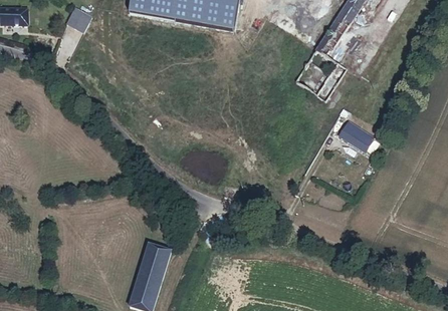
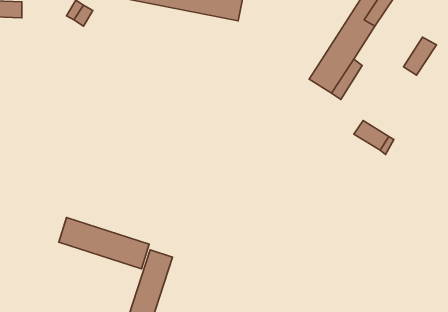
building: none -> [404,37,436,75]
building: none -> [59,218,149,269]

